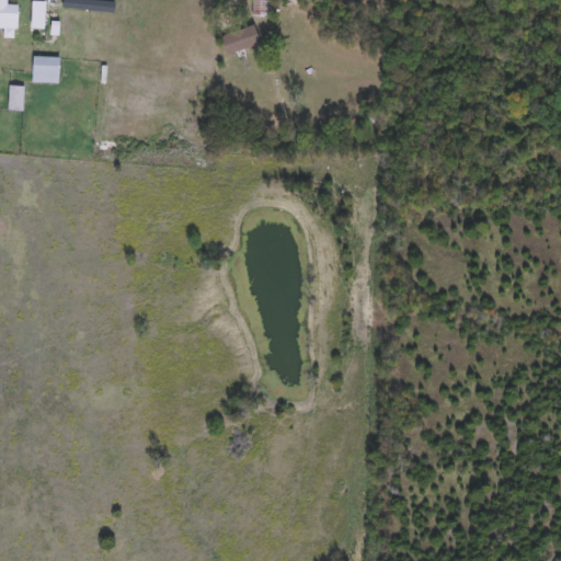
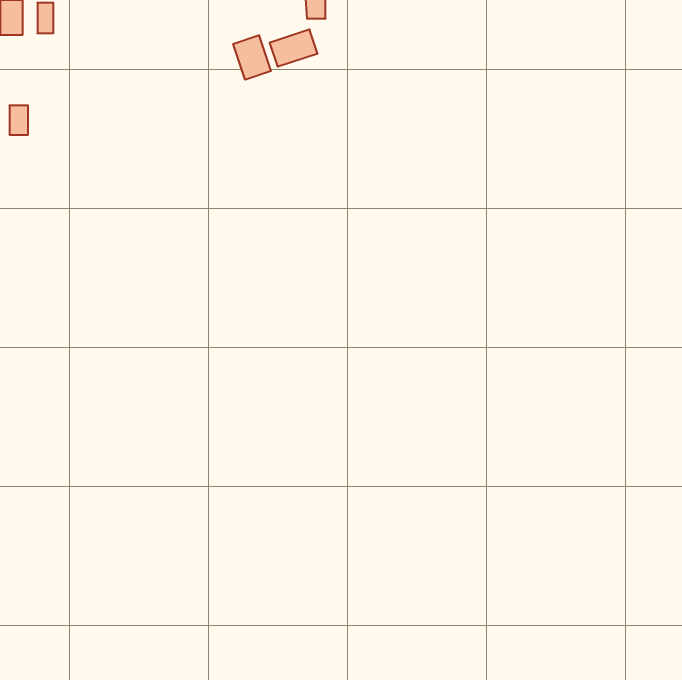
building: none -> [233,35,271,80]
building: [32,57,59,82] -> none

